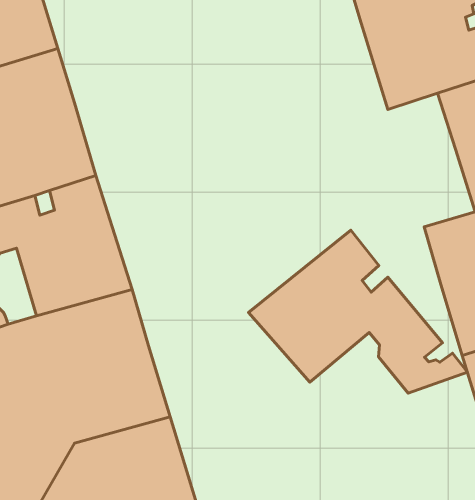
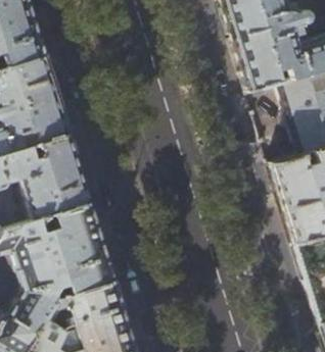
building: [249,230,467,393] -> none

